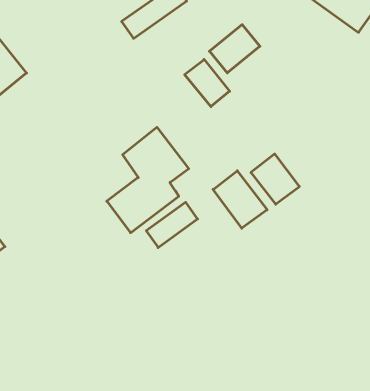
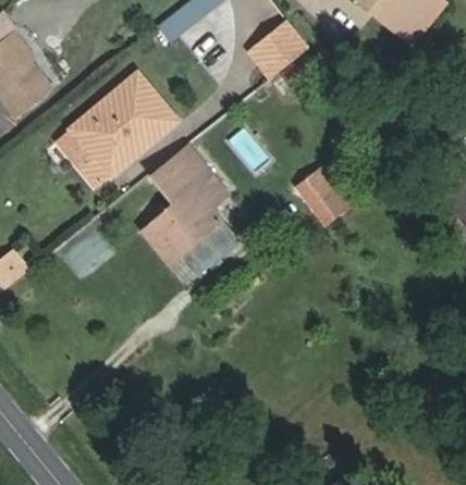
building: [185,59,230,107] -> none
building: none -> [56,72,173,184]
building: [213,171,267,228] -> none

